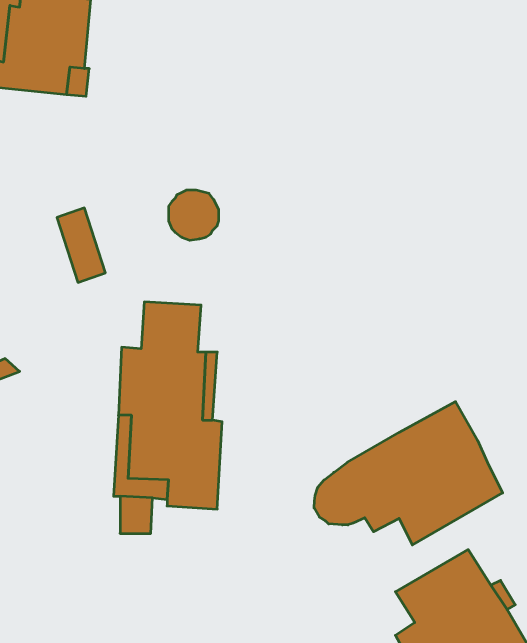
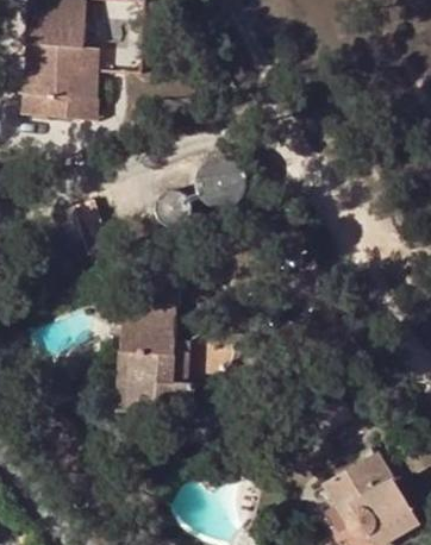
building: none -> [195,154,249,207]
building: [314,402,503,545] -> none

